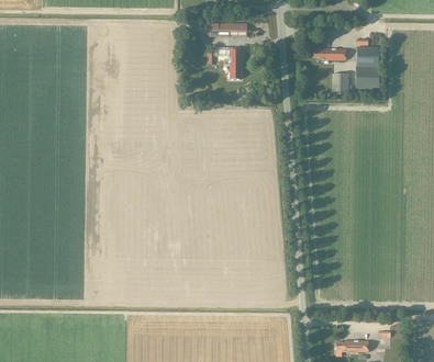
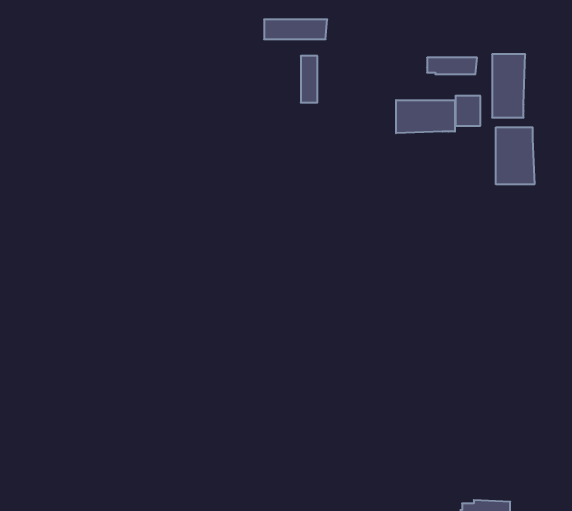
building: none -> [396,100,455,133]
building: none -> [496,127,534,184]

